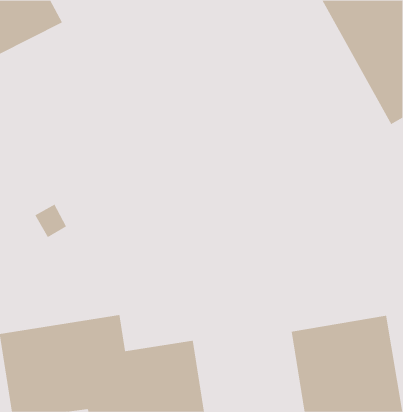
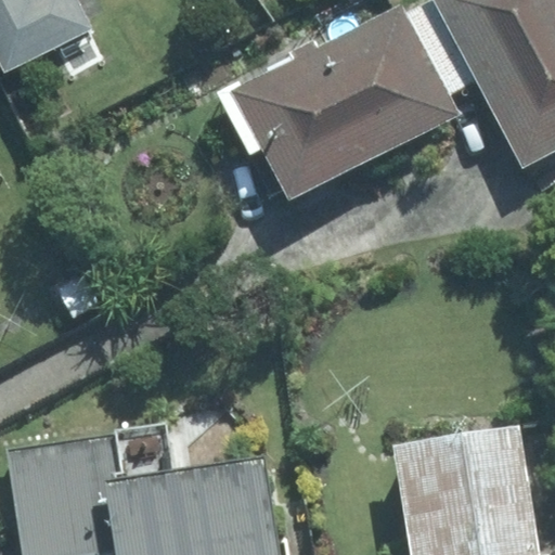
building: none -> [238,4,462,203]

